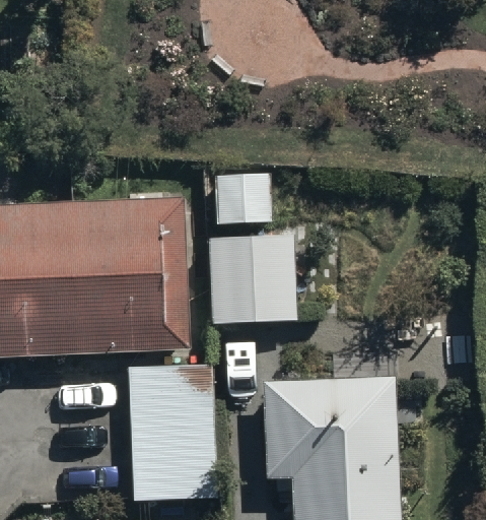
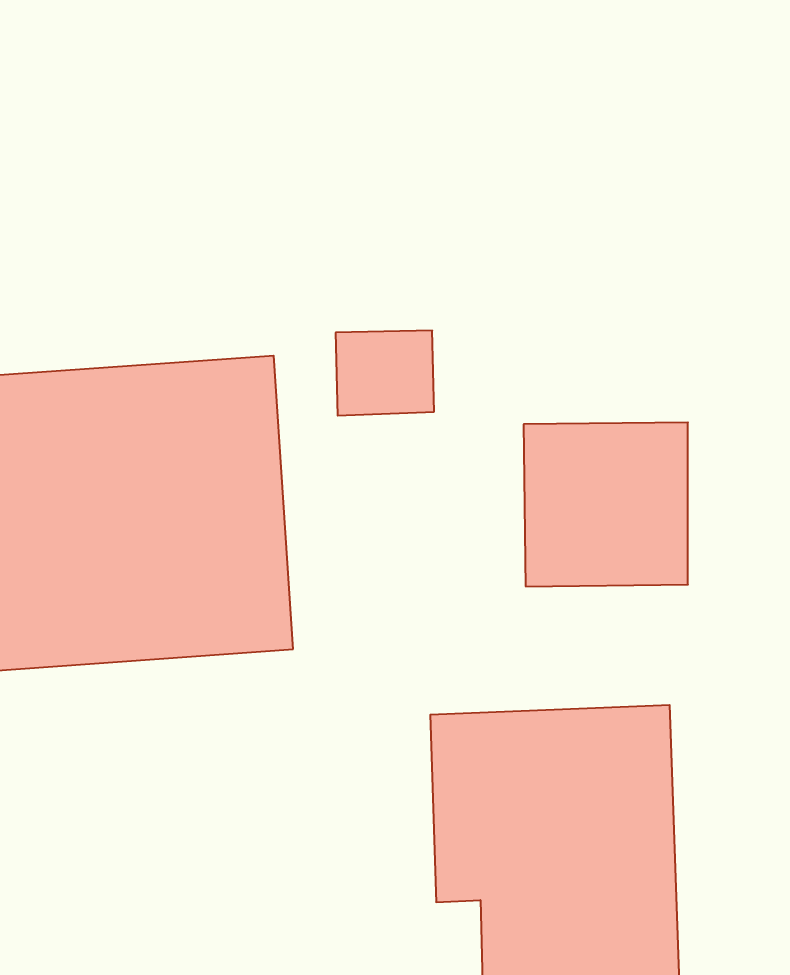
building: [212,237,298,323] -> [524,422,688,586]
building: [122,362,214,505] -> none

